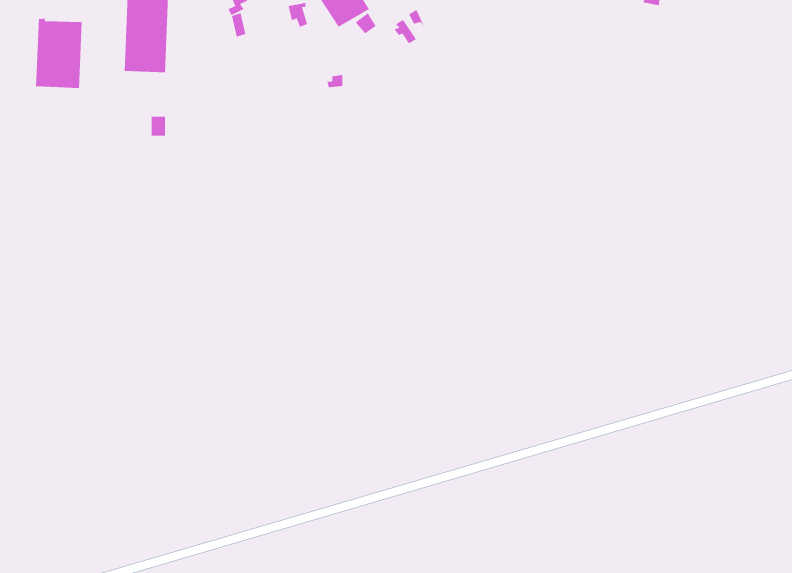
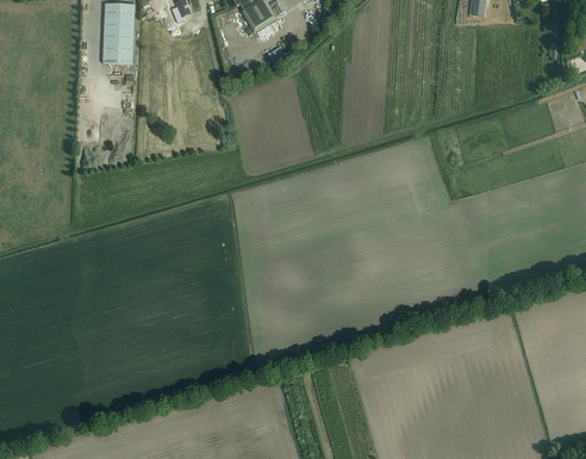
building: [36,18,82,89] -> none

